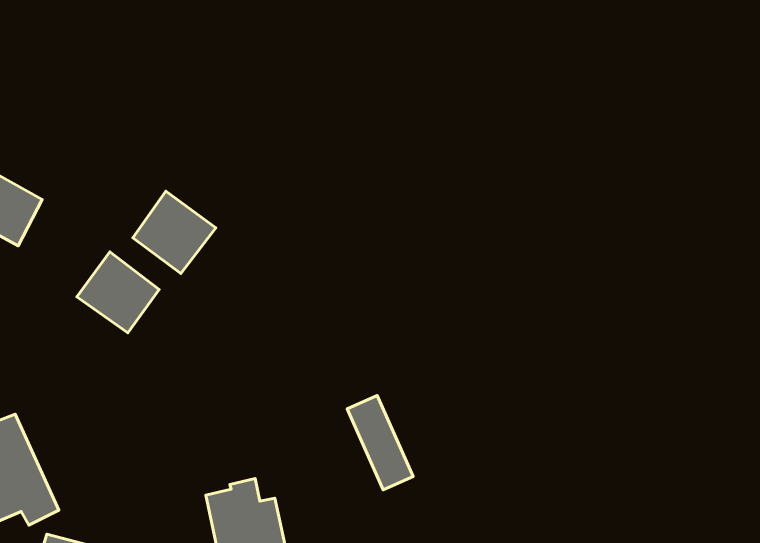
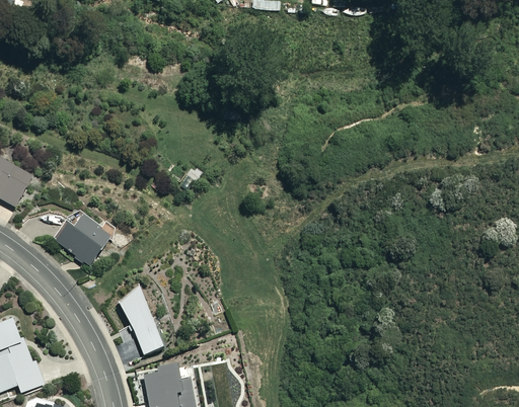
building: [133,191,216,273] -> none
building: [347,395,413,490] -> [121,295,165,358]

